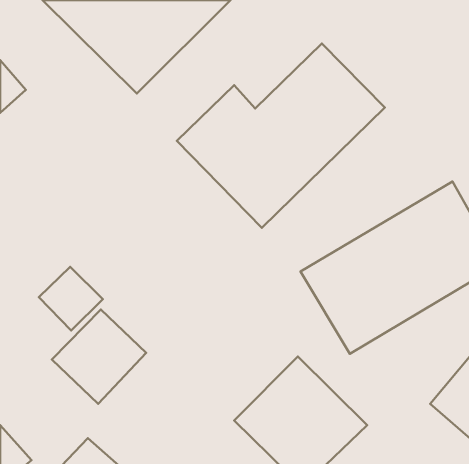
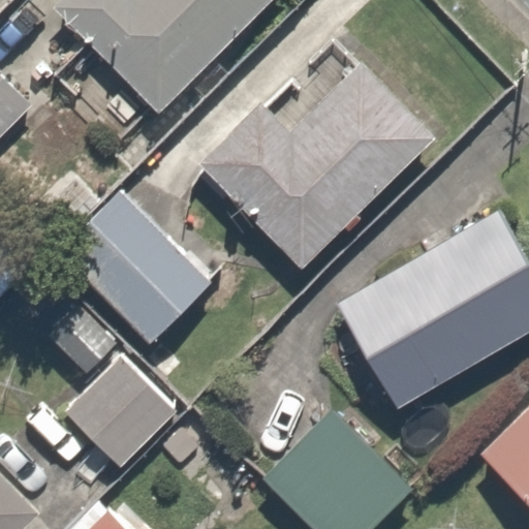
building: none -> [63,195,210,343]

